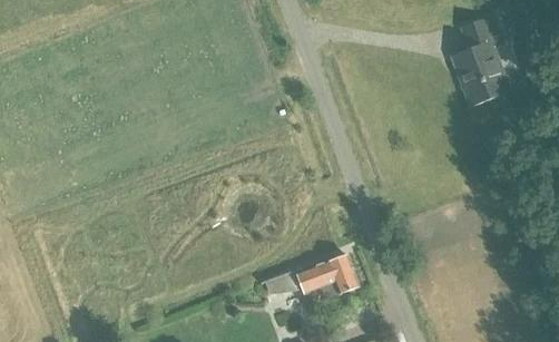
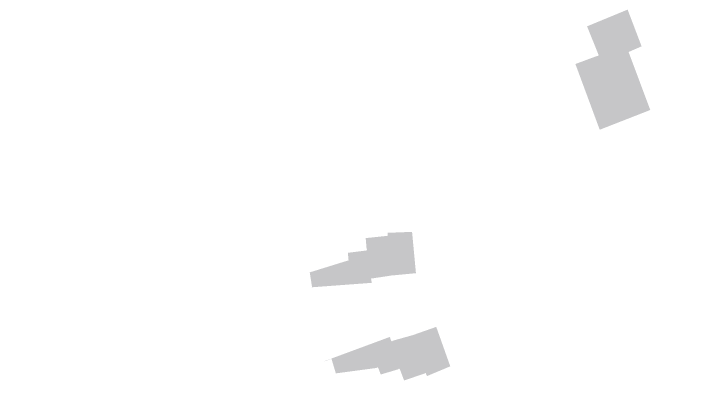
building: none -> [304,231,417,288]

